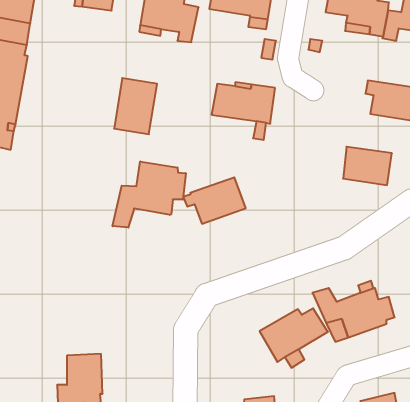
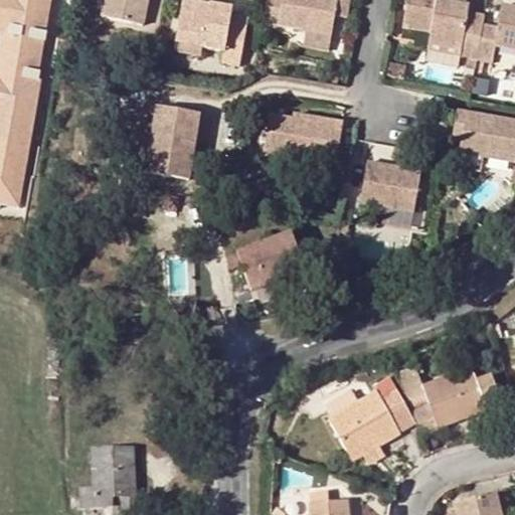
building: [343,147,392,185] -> [365,159,425,206]
building: [113,161,186,228] -> none

